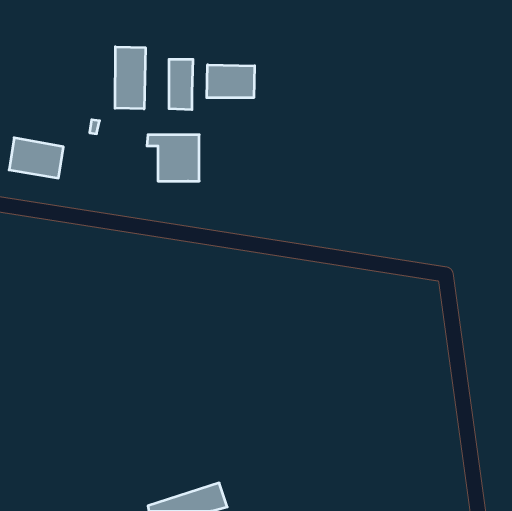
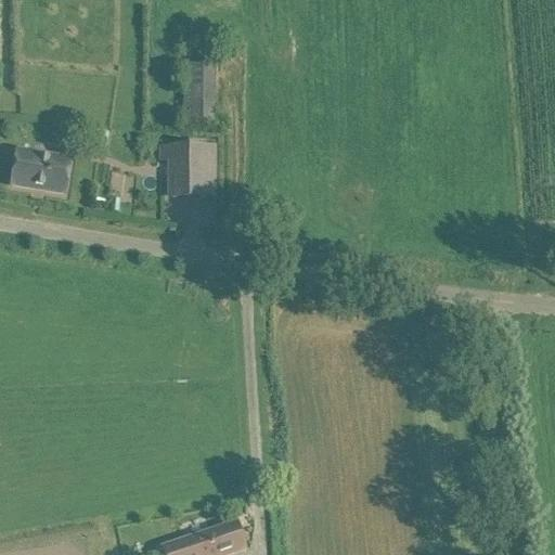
building: [115,47,145,109] -> none
building: [207,65,255,98] -> none

